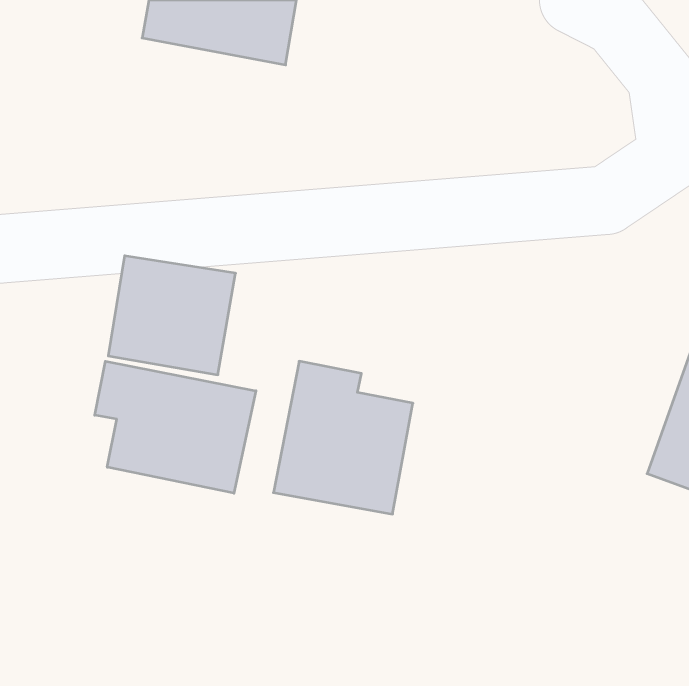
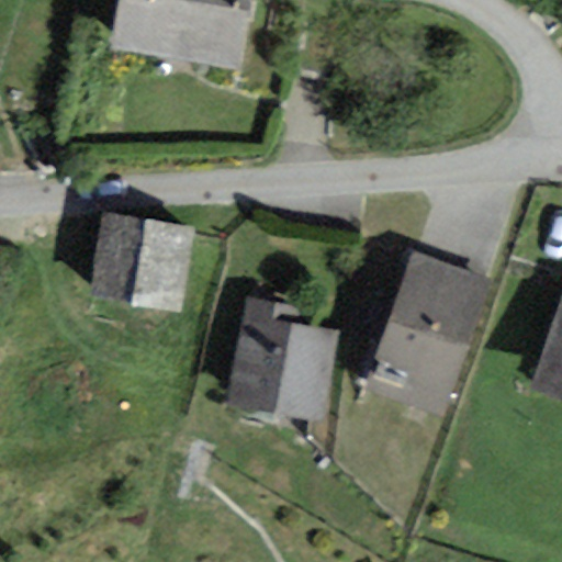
building: none -> [366,252,492,415]
building: [95,361,256,493] -> none

